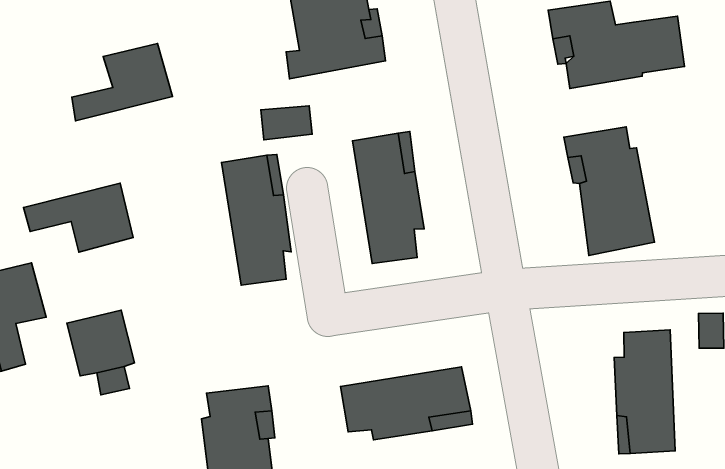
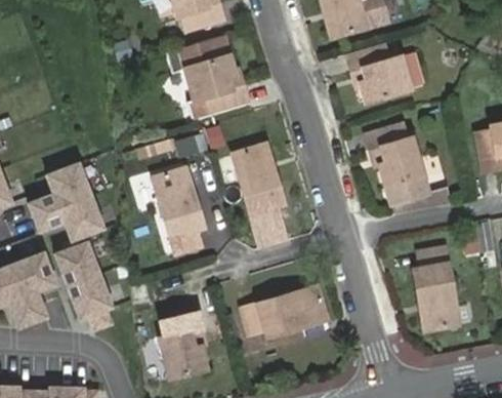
building: [72,43,172,121] -> [29,164,91,218]
building: none -> [56,241,101,287]

